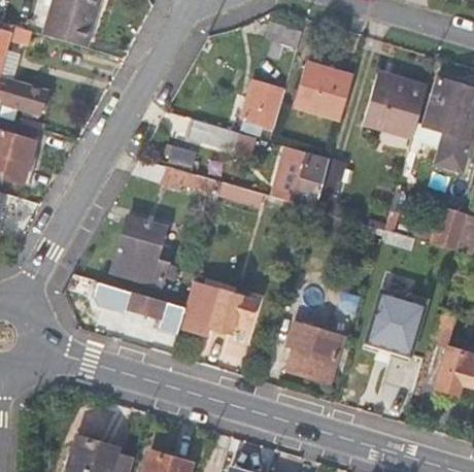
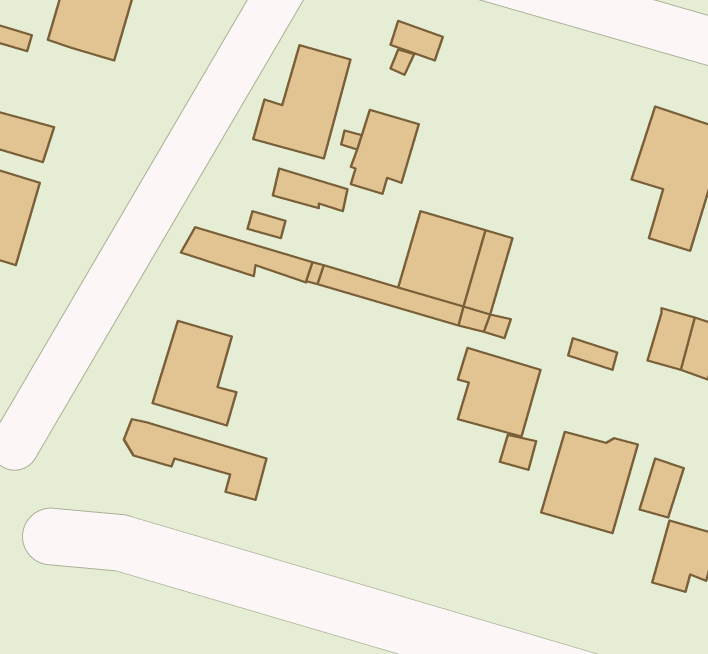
building: none -> [253,45,350,158]
building: [293,62,352,120] -> none
building: [362,74,426,137] -> none
building: [180,281,253,335] -> none
building: [287,323,341,380] -> [458,348,540,436]

